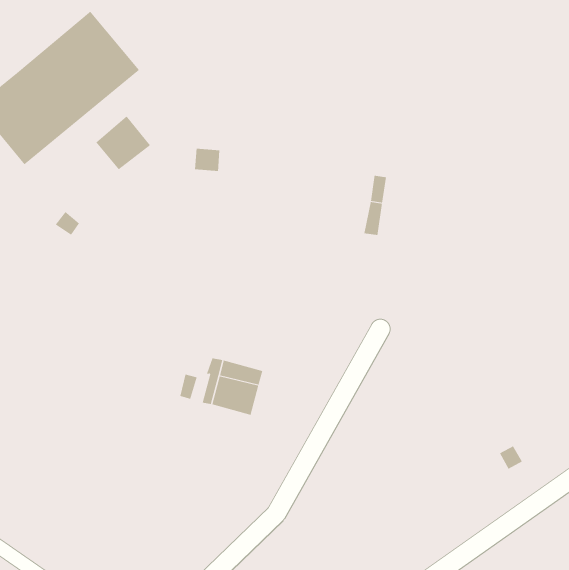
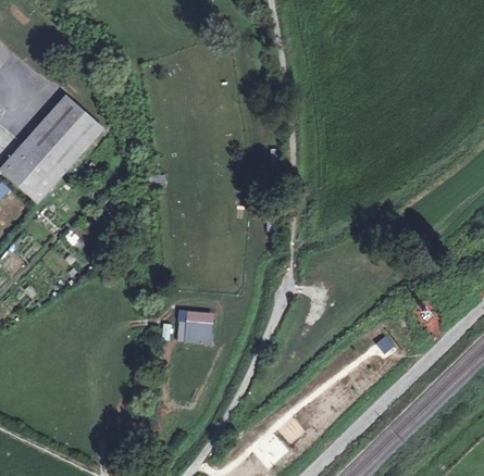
building: [96,116,151,170] -> none

